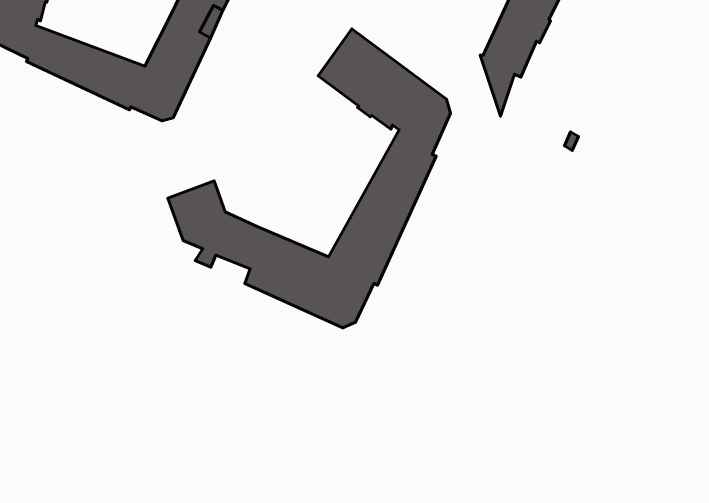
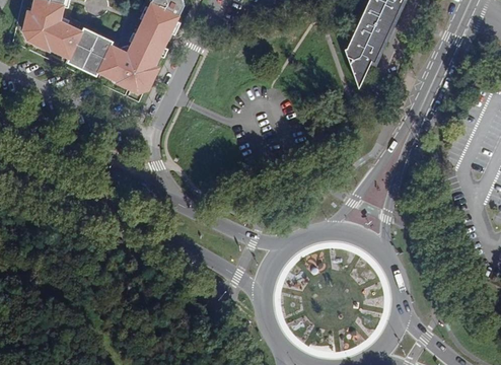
building: [168,29,451,328] -> none

